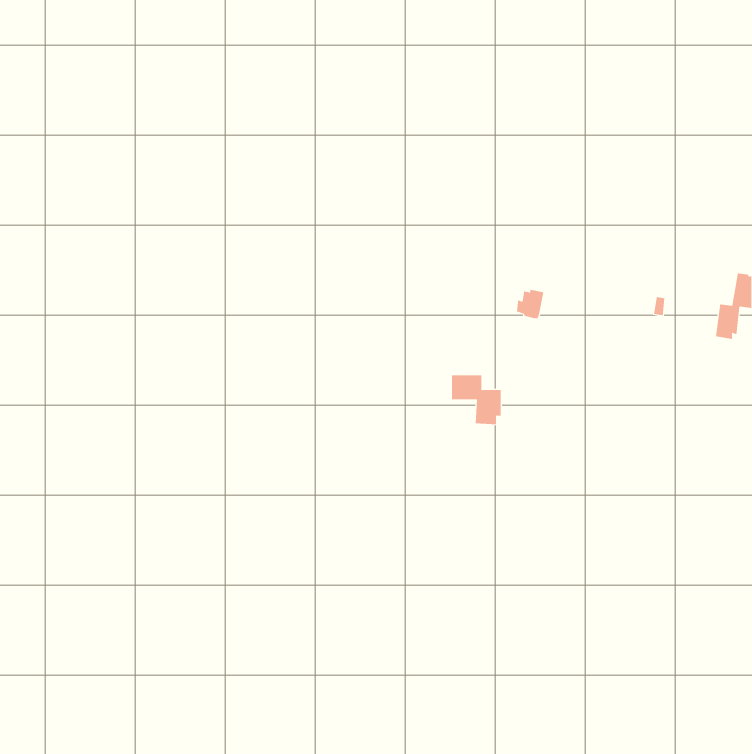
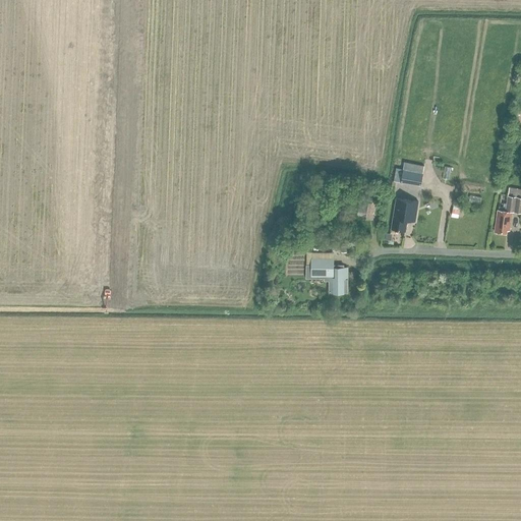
building: none -> [400,163,423,186]
building: none -> [391,198,417,231]

